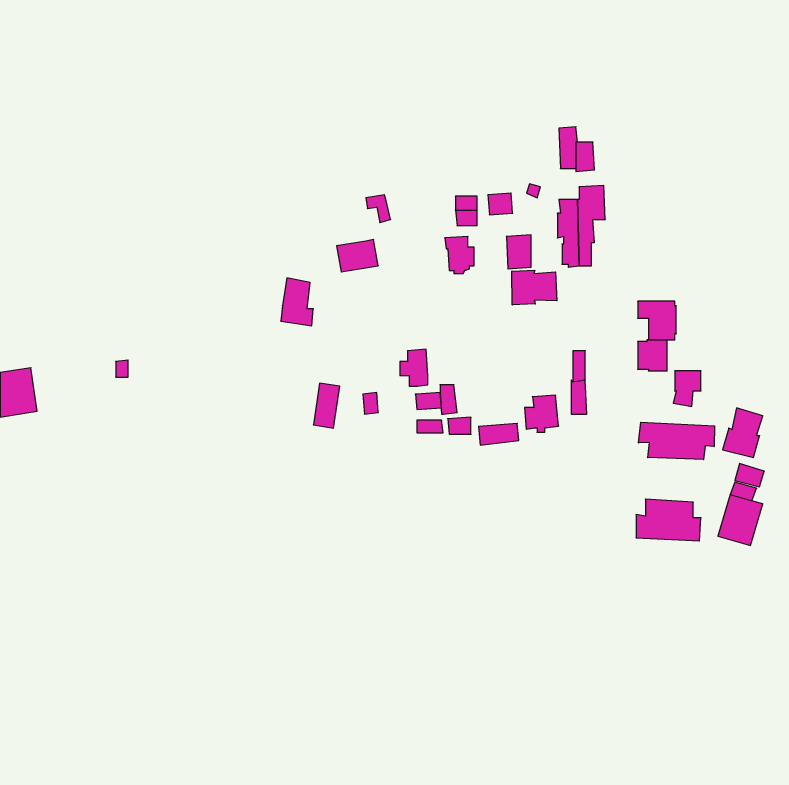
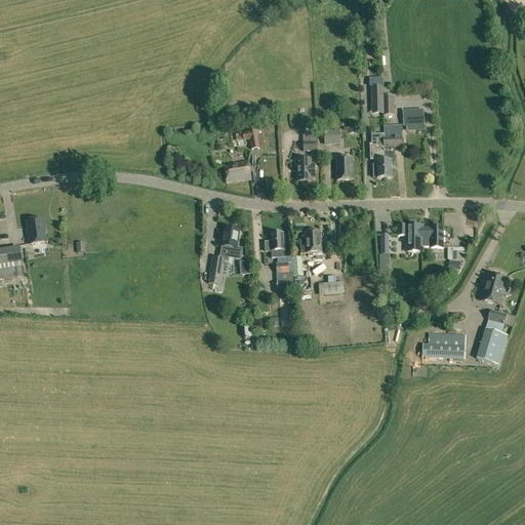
building: none -> [403,108,426,129]
building: [512,270,557,305] -> none
building: [281,278,313,326] -> [220,226,242,257]
building: [638,301,676,340] -> [398,224,423,249]
building: none -> [27,217,46,242]
building: [525,395,559,432] -> [299,230,322,254]
building: [639,422,715,460] -> none

